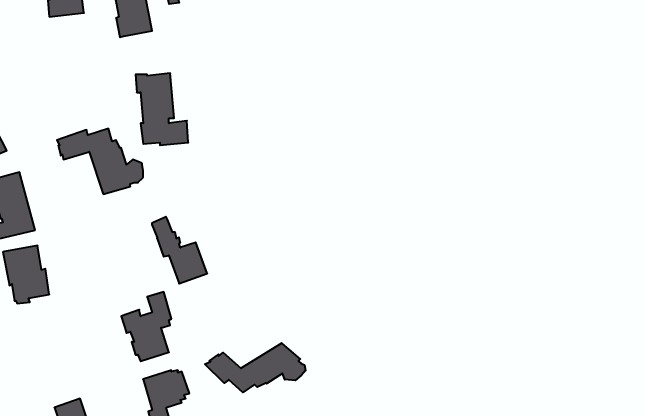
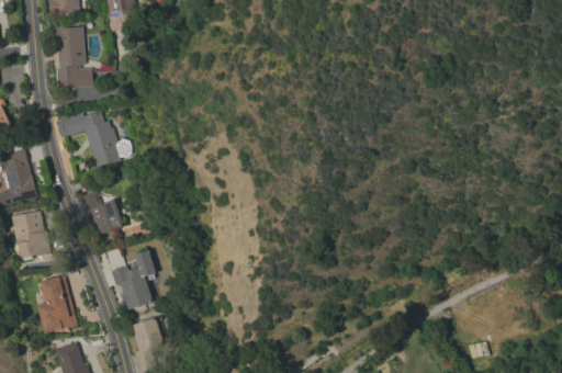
building: [136,73,188,145] -> [53,26,98,88]
building: [152,217,207,284] -> [77,178,124,235]
building: none -> [37,274,79,334]
building: [205,343,306,392] -> none

